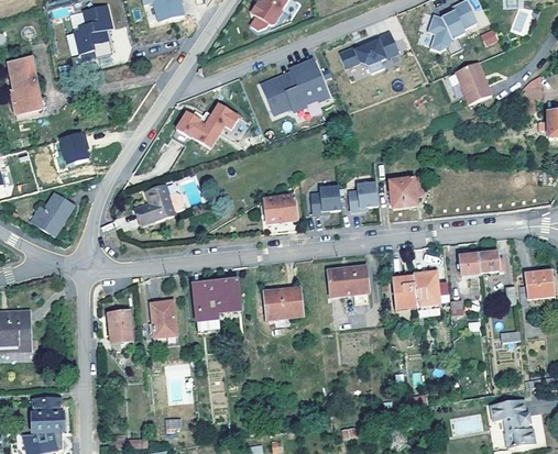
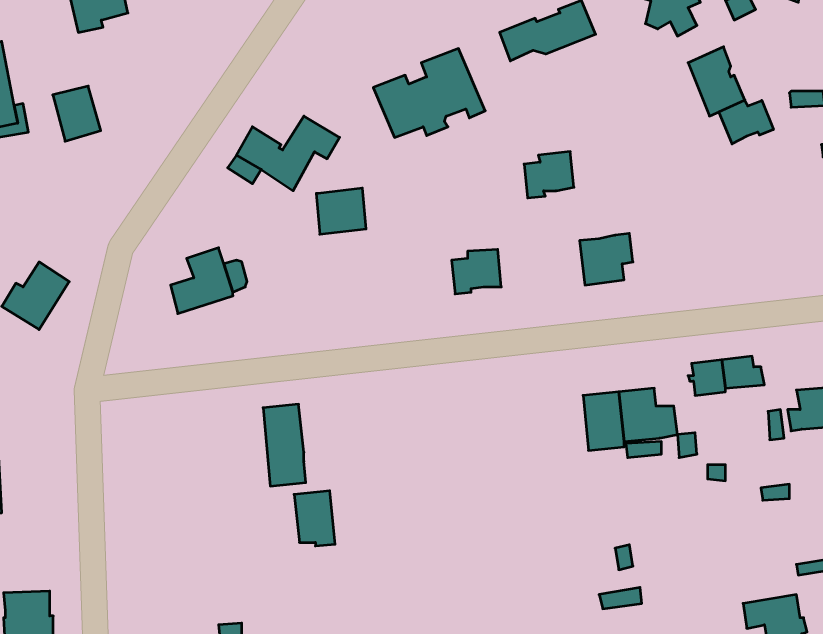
building: none -> [719,100,773,144]
building: [56,130,86,164] -> [53,86,101,141]
building: [347,182,378,211] -> [524,152,574,198]
building: [264,195,295,223] -> [316,188,366,234]
building: [327,265,369,296] -> none
building: [215,279,240,313] -> [294,491,335,546]
building: [265,287,303,325] -> none
building: [149,300,176,336] -> none
building: [108,310,132,350] -> none

